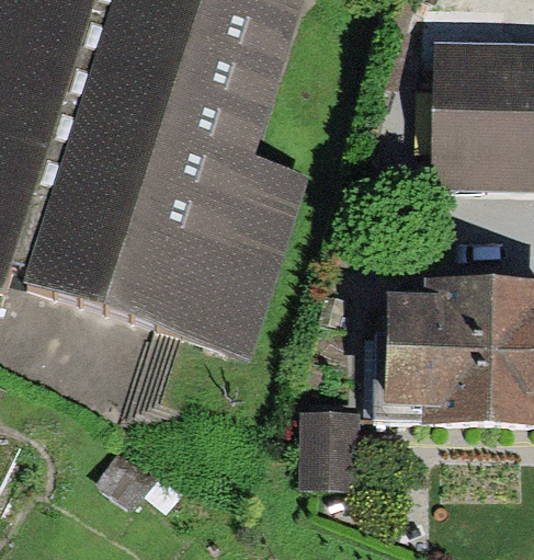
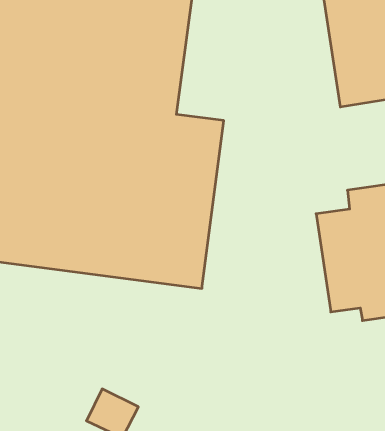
building: [305,411,364,489] -> none

